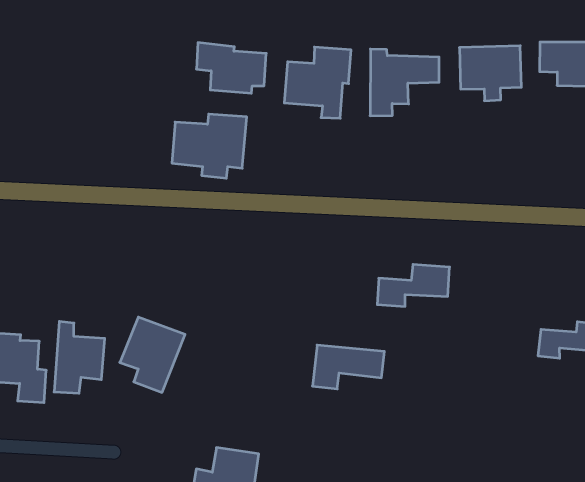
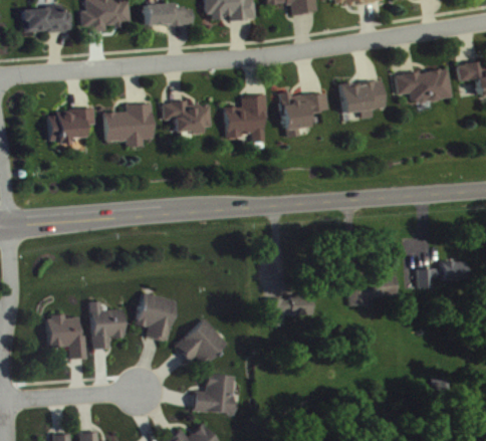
building: none -> [47,109,93,143]
building: [172,114,247,178] -> [103,103,153,147]
building: [377,264,450,306] -> [348,275,397,306]
building: none -> [175,318,228,371]

